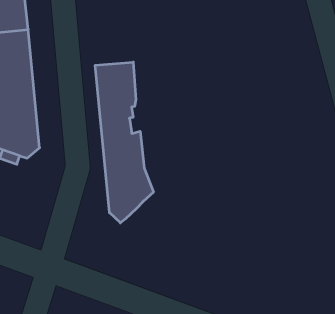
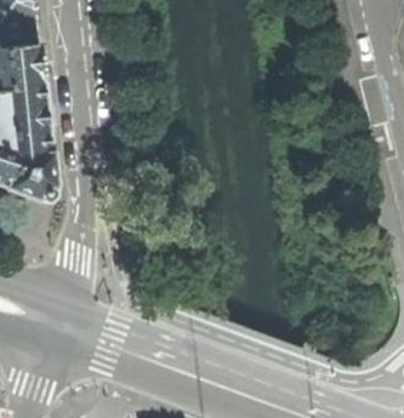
building: [95,62,153,223] -> none

